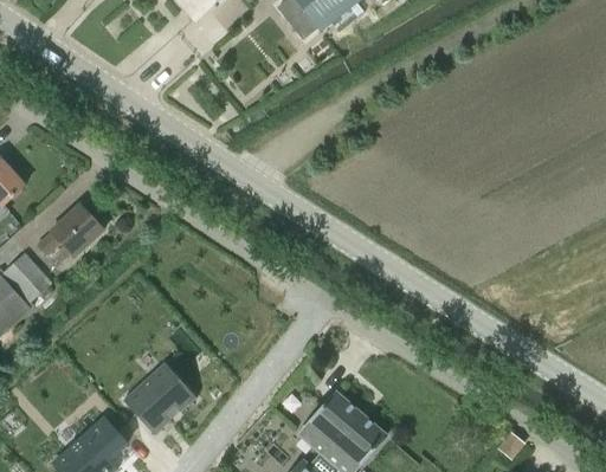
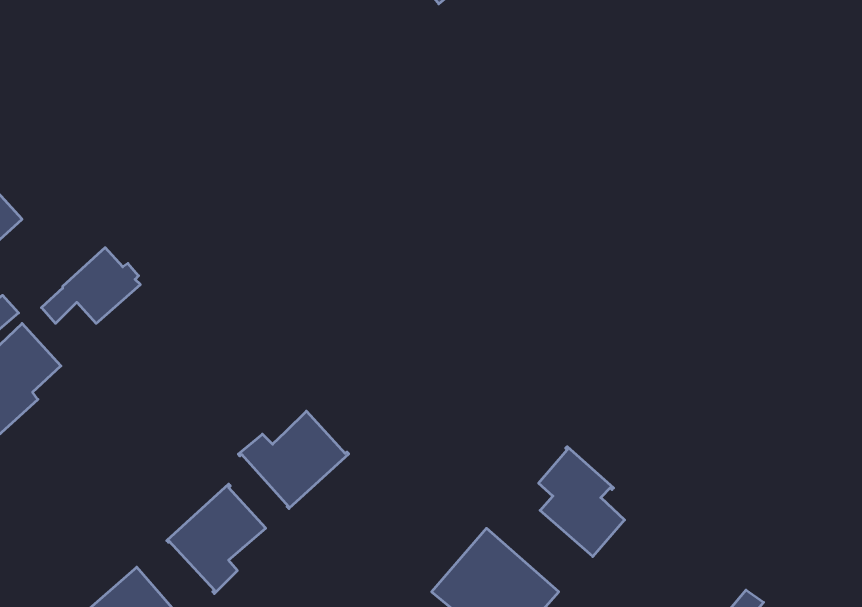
building: none -> [238,411,349,509]
building: none -> [539,447,625,557]

